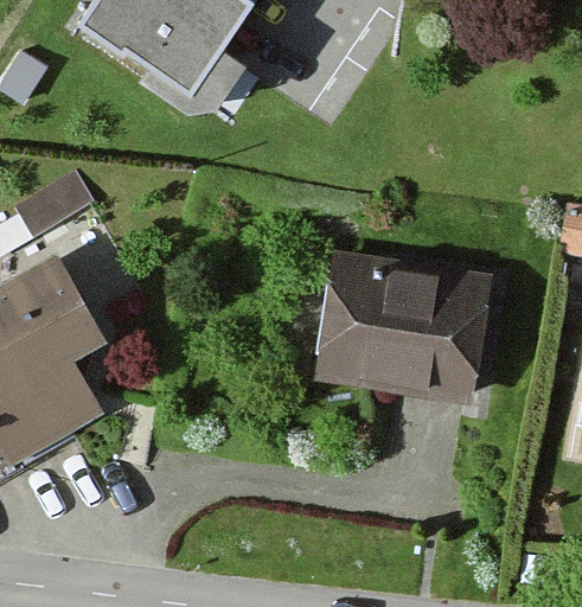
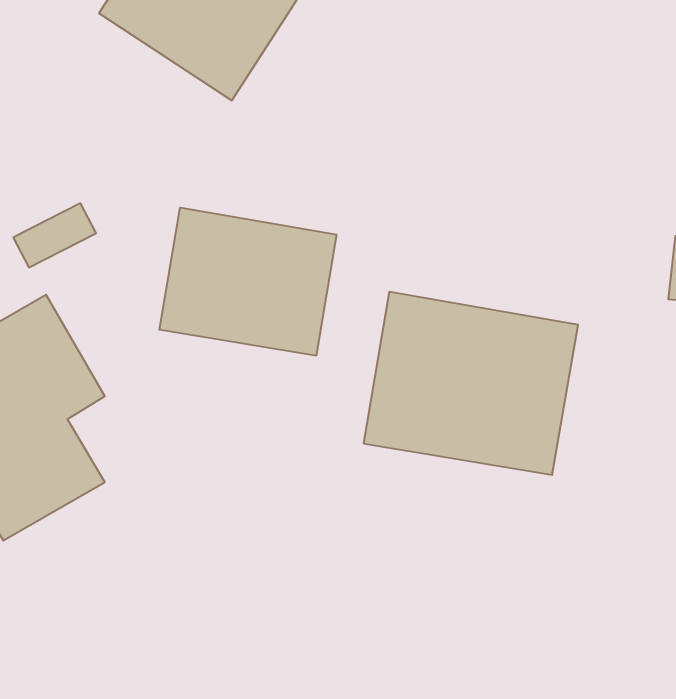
building: none -> [159,208,336,356]

